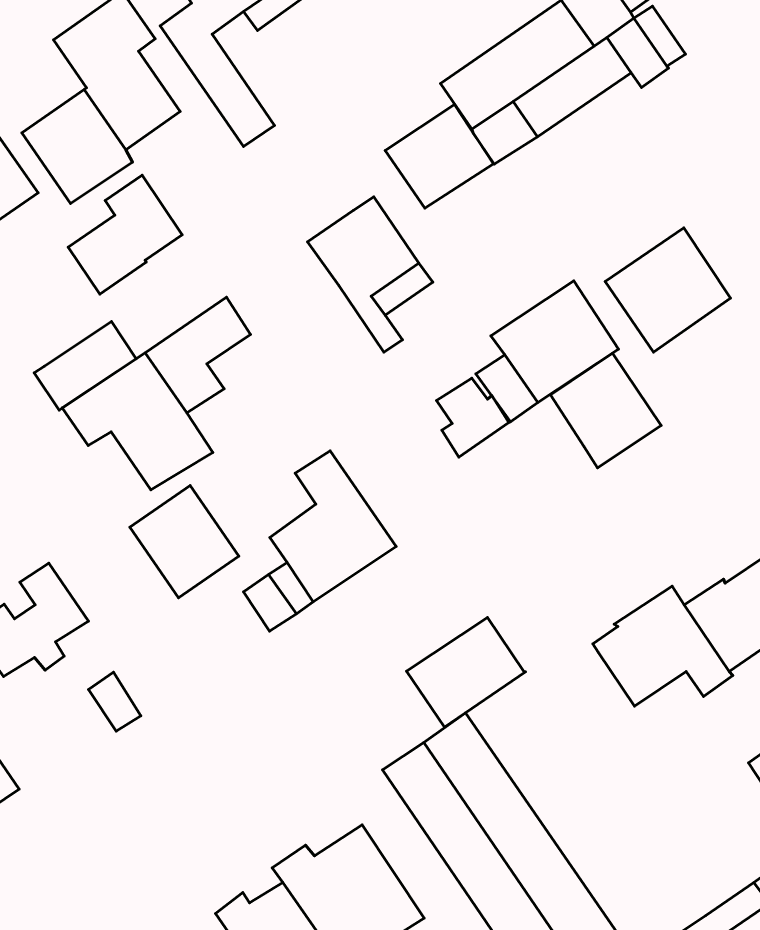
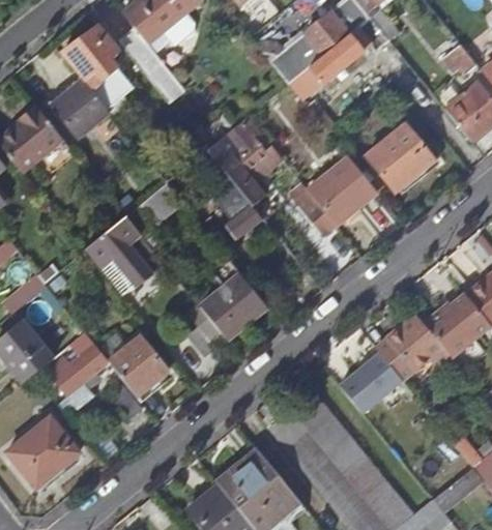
building: [385,104,493,208] -> none
building: [68,175,182,294] -> none
building: [34,321,136,410] -> none
building: [551,353,661,468] -> none
building: [437,378,509,457] -> [222,196,261,238]
building: [130,486,239,598] -> [109,335,168,395]
building: [406,618,526,727] -> [340,353,403,413]

